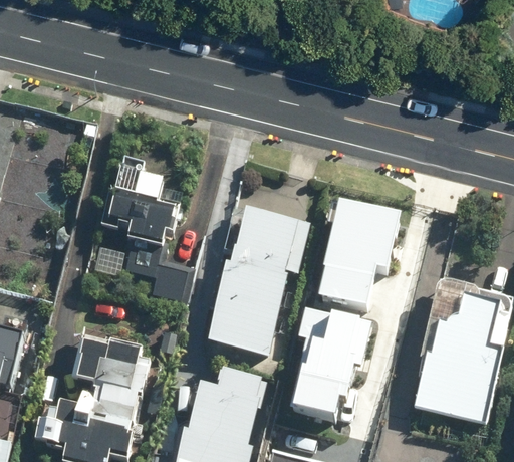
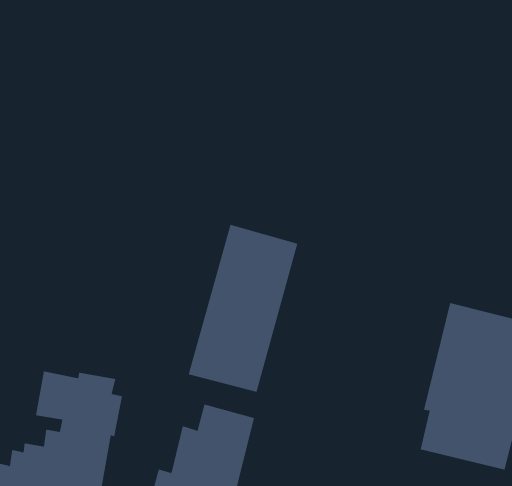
building: [94,167,192,304] -> none
building: [315,192,401,300] -> none
building: [290,303,370,409] -> none

